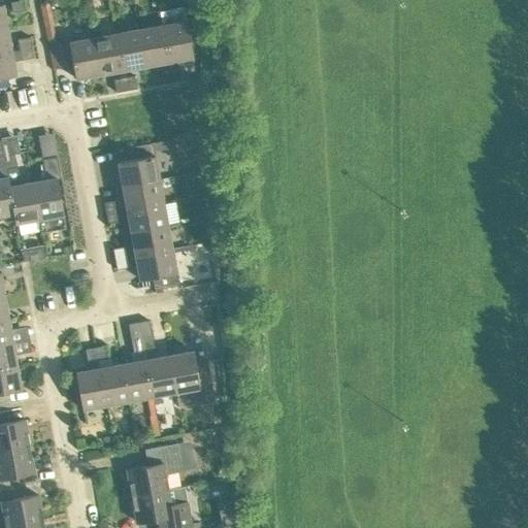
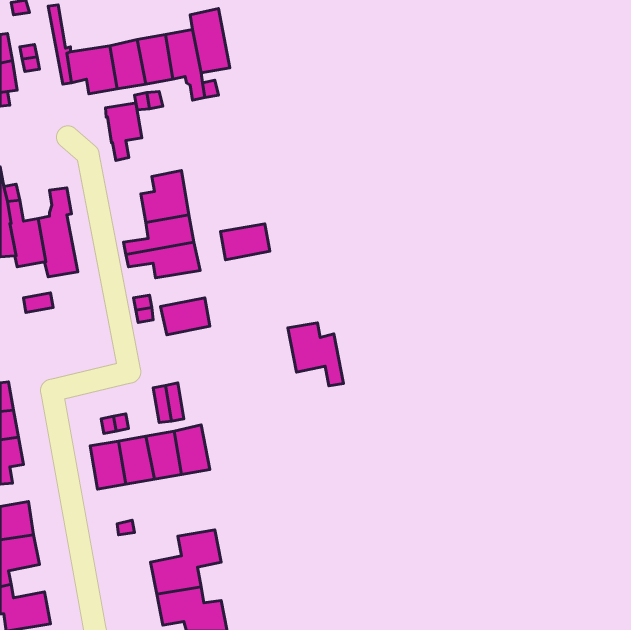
building: none -> [105,103,142,161]
building: [130,227,171,257] -> [221,224,270,260]
building: [168,352,214,404] -> [288,323,344,386]

